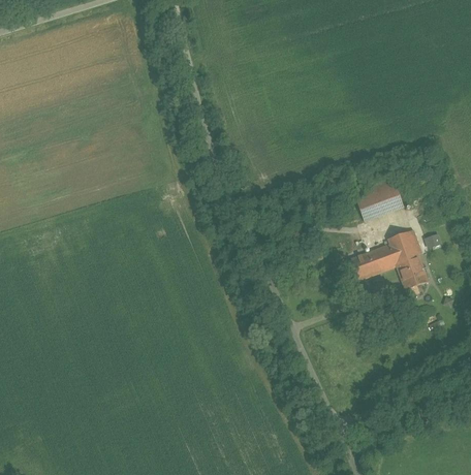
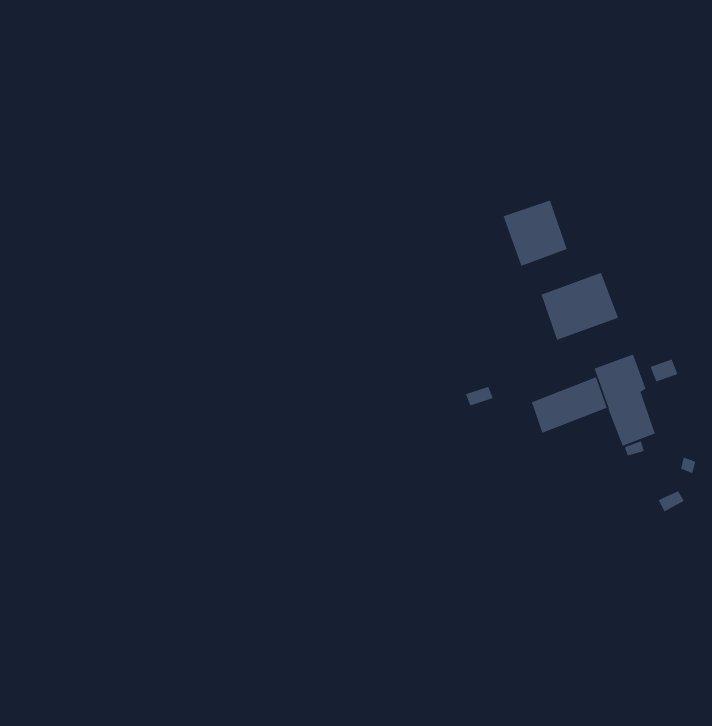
building: none -> [503,199,568,267]

